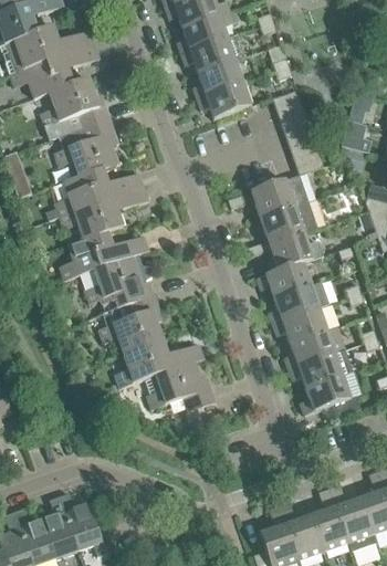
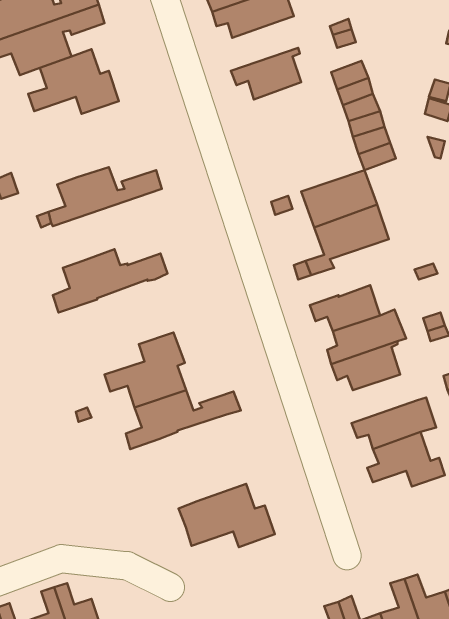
building: [192,59,249,97] -> none
building: [54,120,119,179] -> none
building: [60,188,148,243] -> none
building: [272,231,324,270] -> none
building: [86,258,153,307] -> none
building: [286,326,341,368] -> none
building: [142,361,216,410] -> [179,484,275,547]

